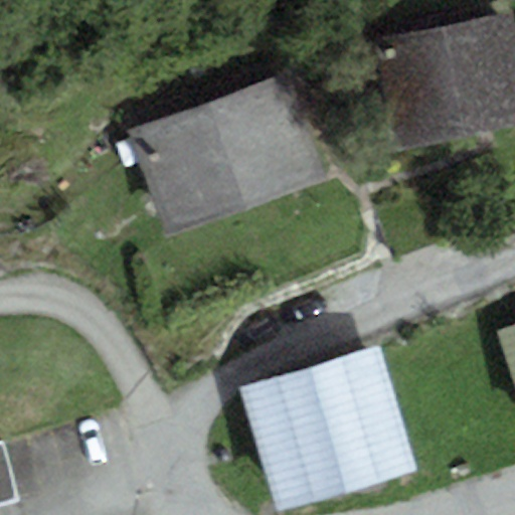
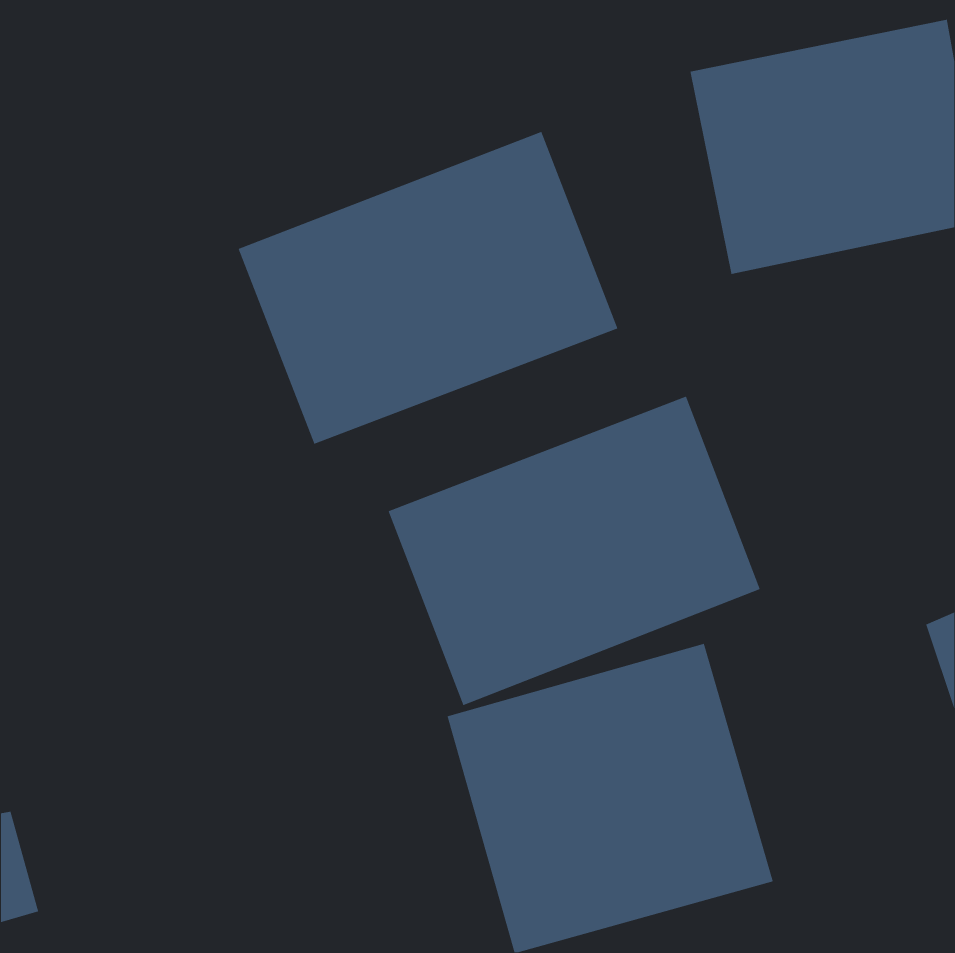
building: none -> [388,395,761,706]

